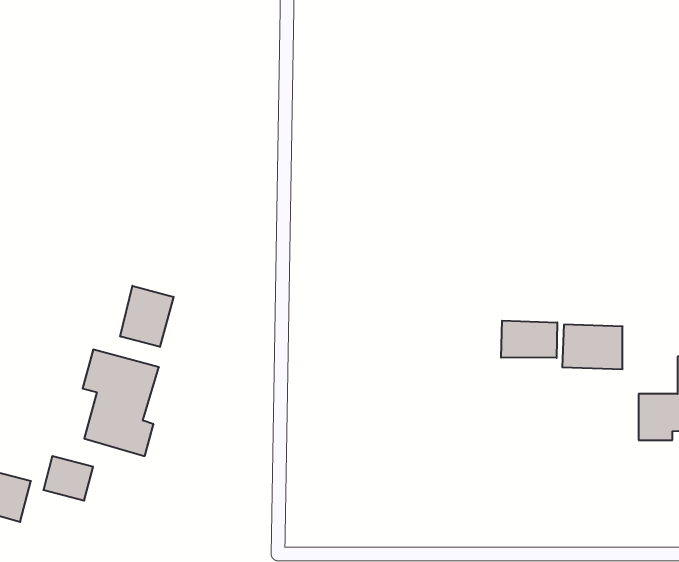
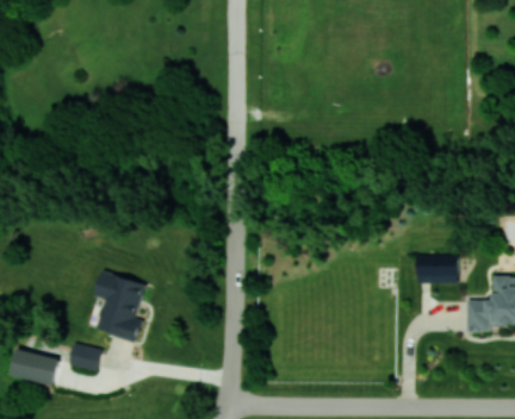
building: [120,286,174,347] -> none
building: [501,321,557,358] -> none

